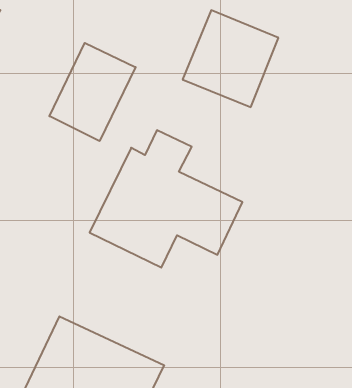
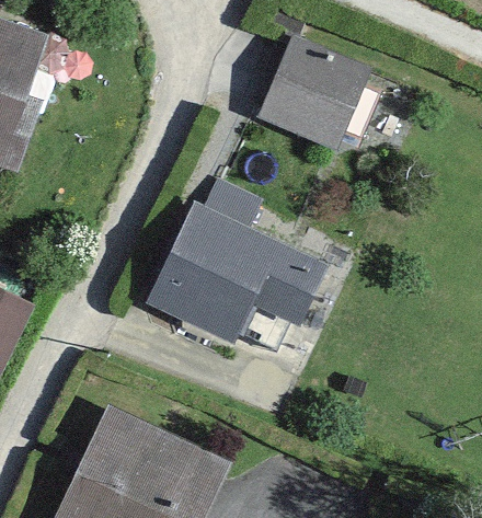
building: [49,43,136,141] -> none

